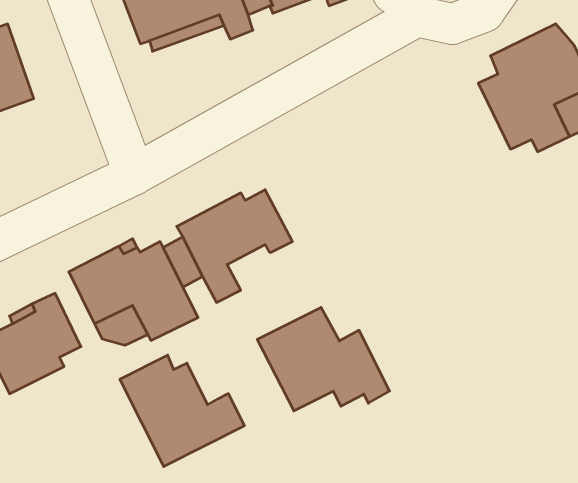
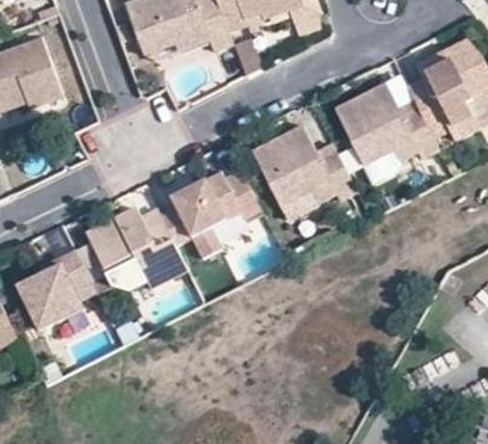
building: none -> [334,82,438,164]
building: [257,307,390,411] -> [251,125,354,206]
building: [120,355,244,467] -> none

